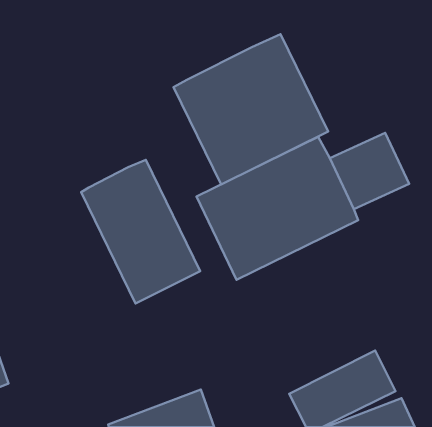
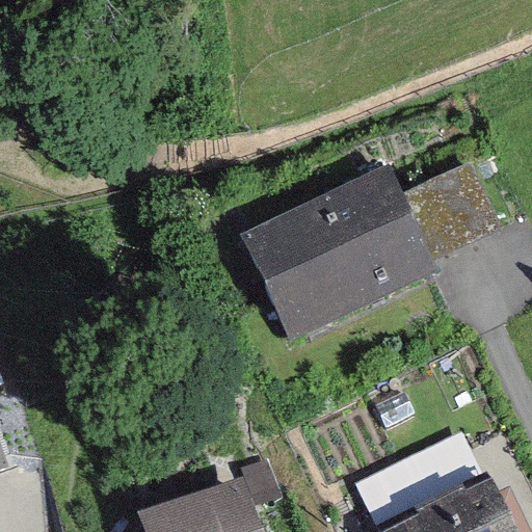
building: [174,34,328,184] -> none
building: [81,160,200,303] -> none

